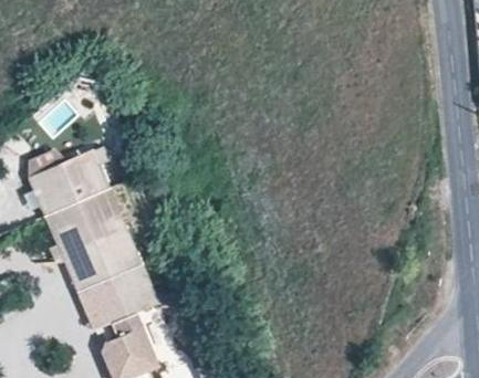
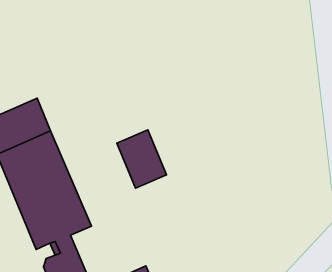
building: none -> [117,130,167,188]

